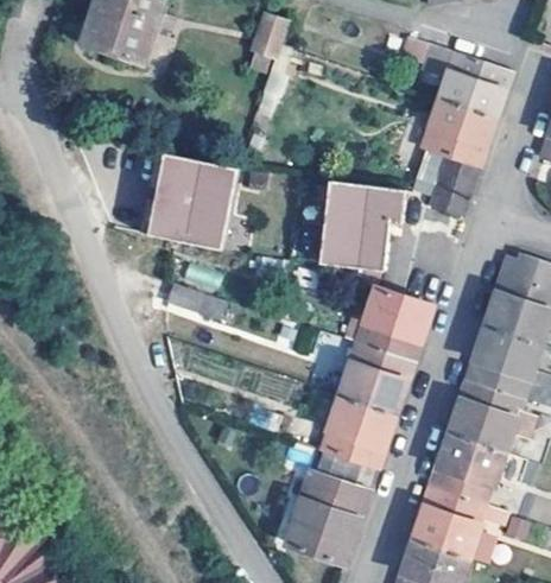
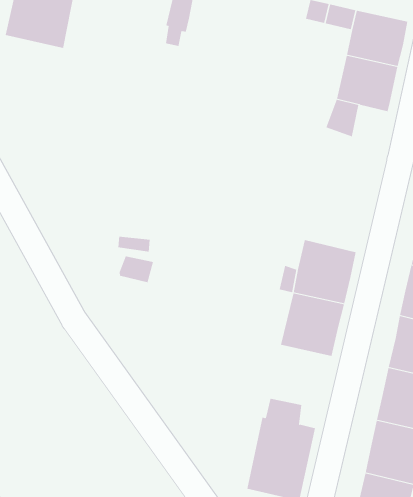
building: [431,153,479,217] -> none
building: [141,154,230,249] -> none
building: [319,177,399,271] -> none
building: [321,397,393,469] -> none

